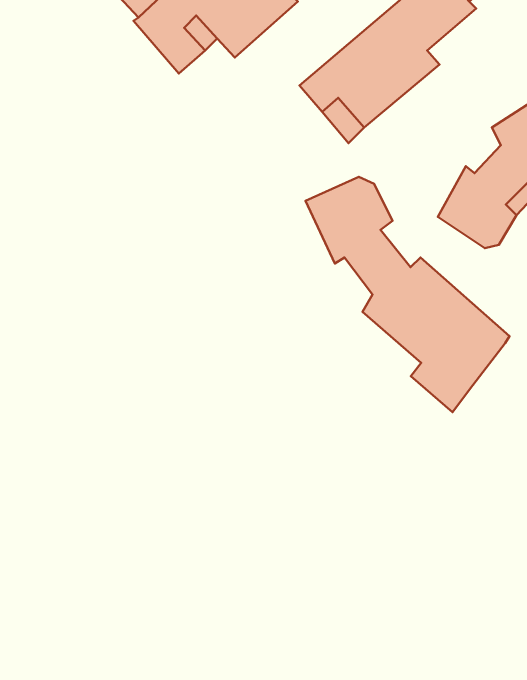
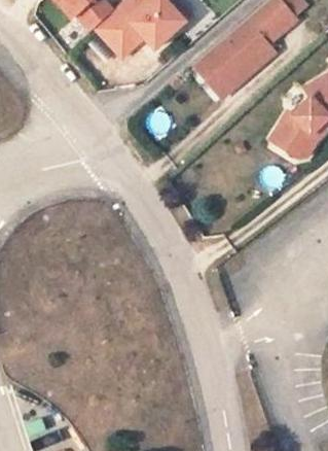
building: [306,177,509,412] -> none

